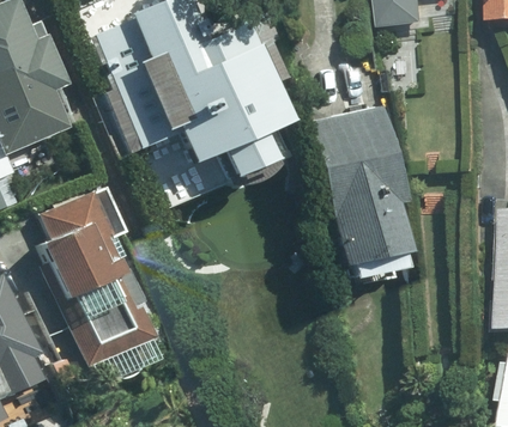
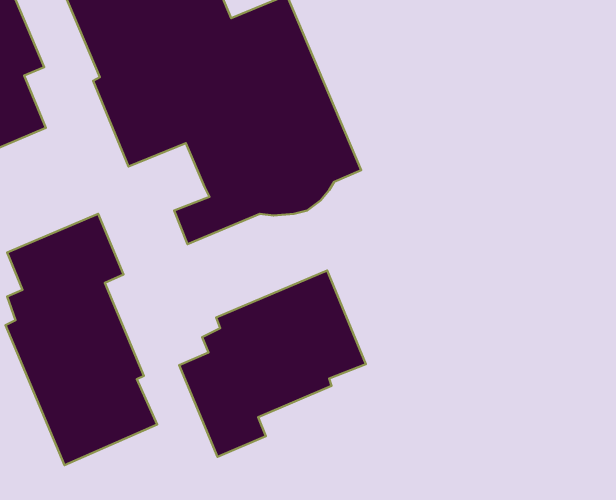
building: [313,104,410,279] -> none
building: none -> [179,270,366,457]

